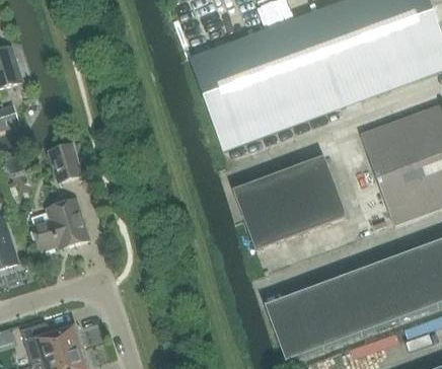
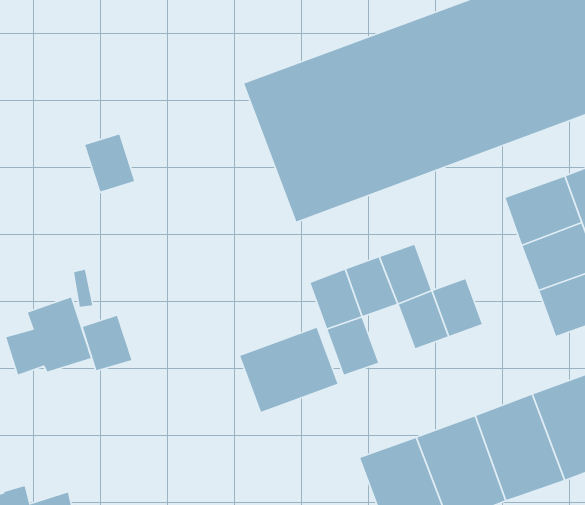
building: [49,143,82,181] -> [84,134,135,192]
building: [301,155,335,194] -> none
building: [267,203,301,241] -> none
building: none -> [82,315,133,371]
building: none -> [239,327,339,413]

